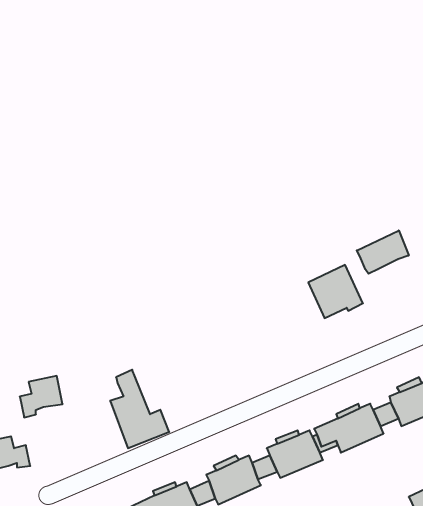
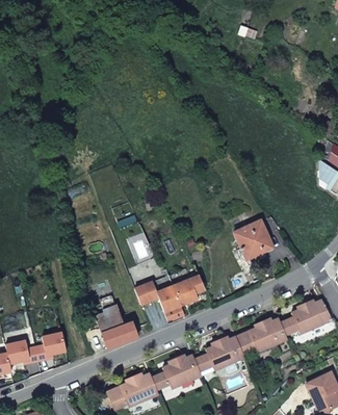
building: [357,230,409,274] -> none
building: none -> [134,269,205,320]
building: [20,376,63,417] -> [35,333,66,362]

